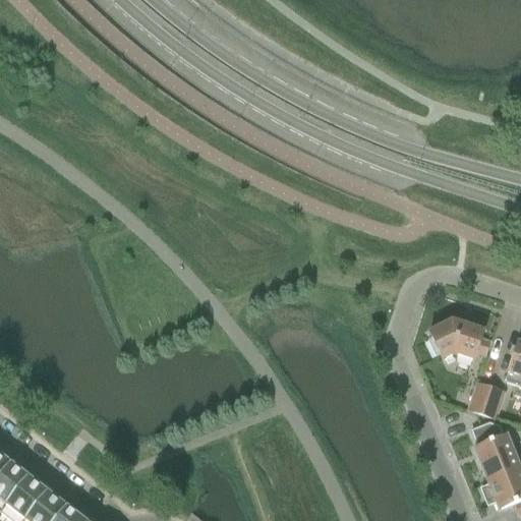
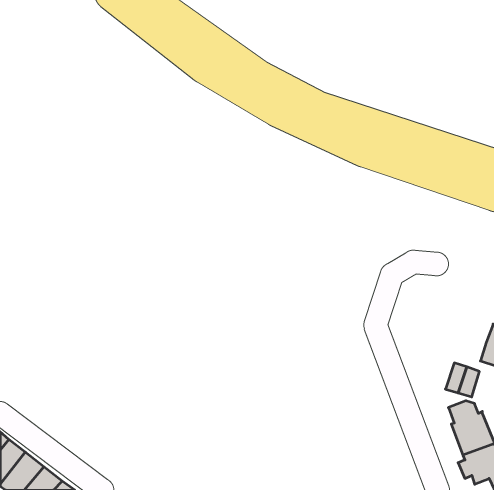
building: [429,317,490,358] -> none

